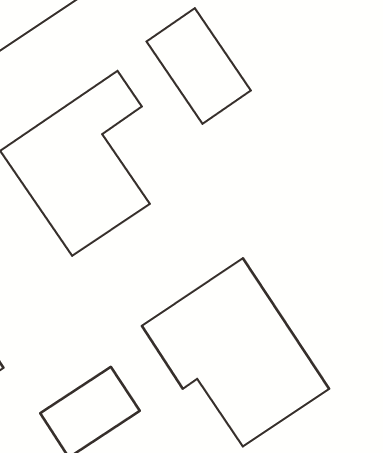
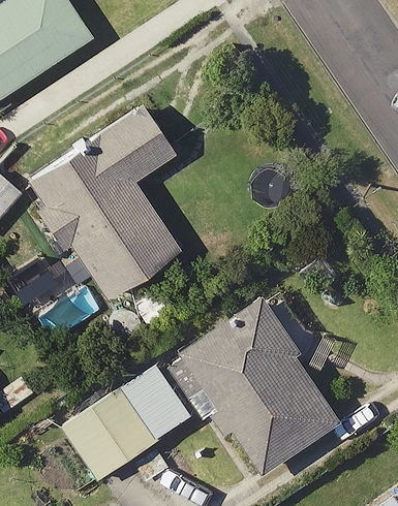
building: [146,8,251,124] -> none

